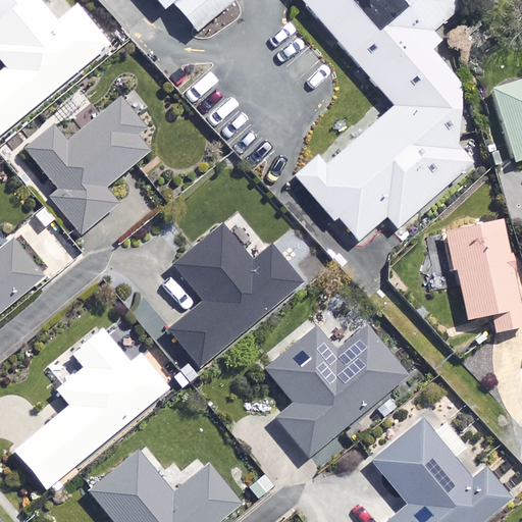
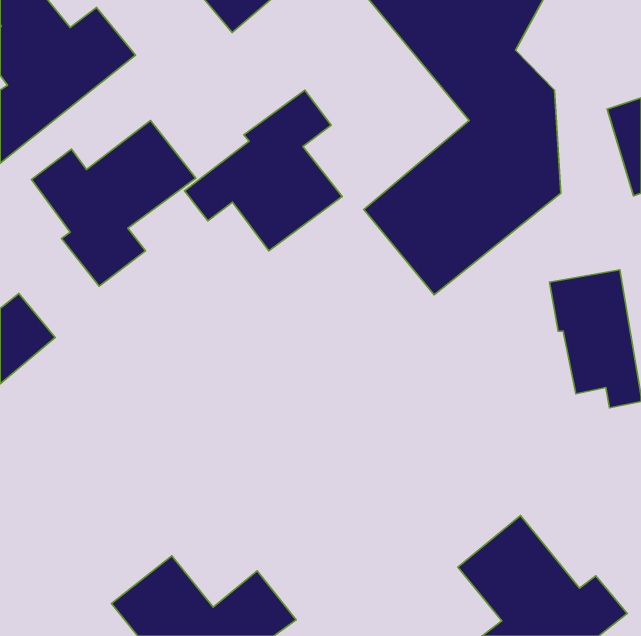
building: none -> [185,90,342,251]
building: [169,226,302,366] -> none
building: [265,318,420,457] -> none
building: [15,328,170,490] -> none

